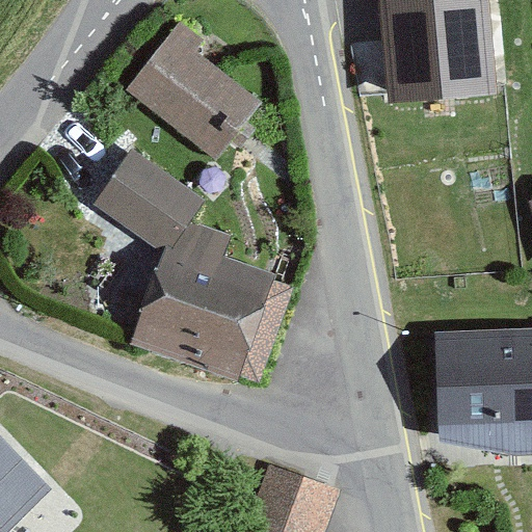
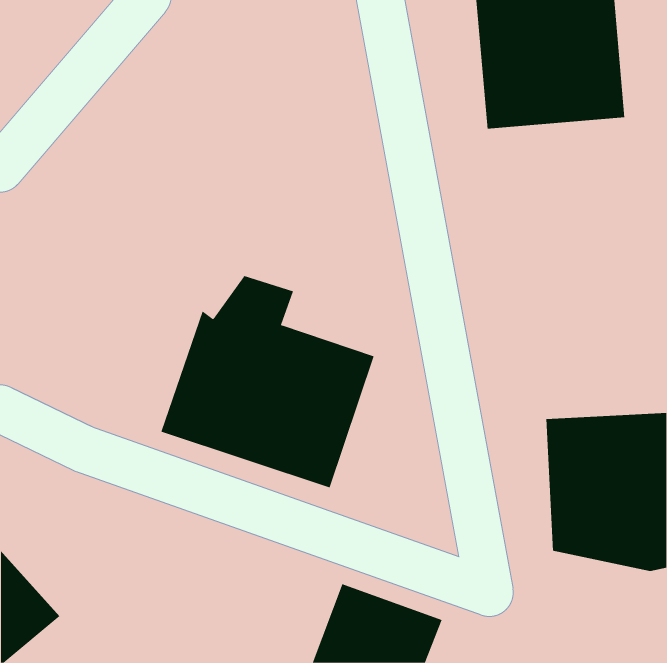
building: [126,20,261,159] -> none
building: [95,147,208,254] -> none

